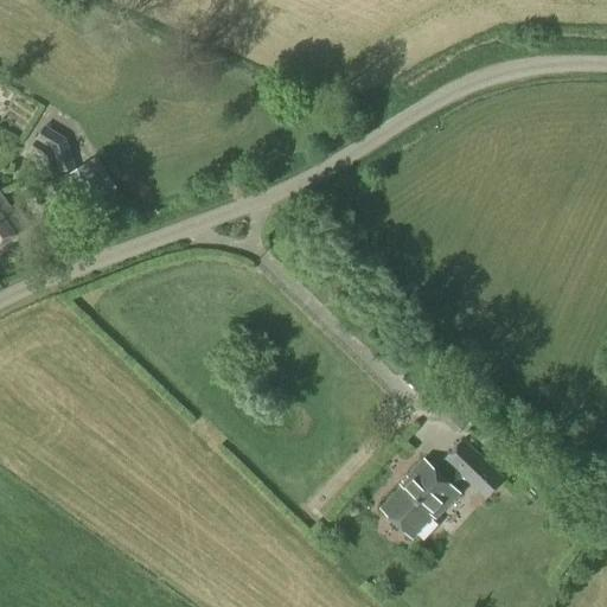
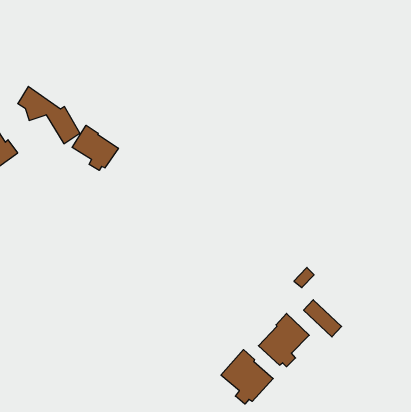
building: none -> [72,125,118,170]
building: none -> [221,350,273,404]

